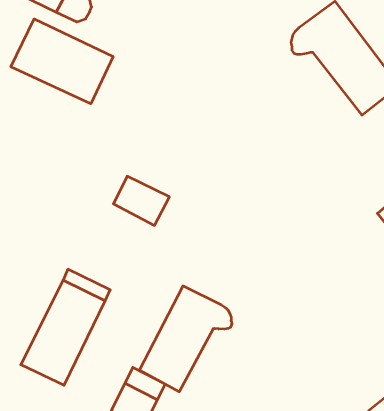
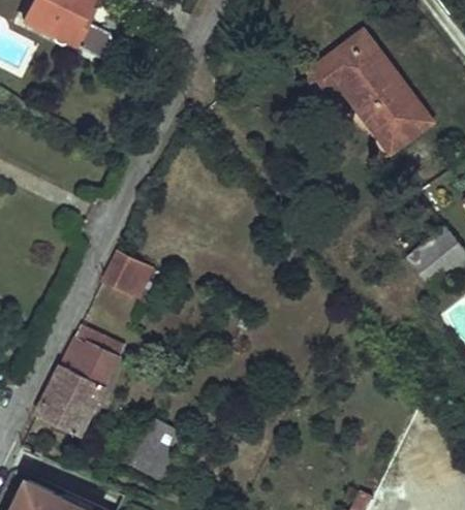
building: [11,19,113,104] -> none
building: [113,176,169,225] -> [101,252,160,304]
building: [140,286,232,392] -> none

